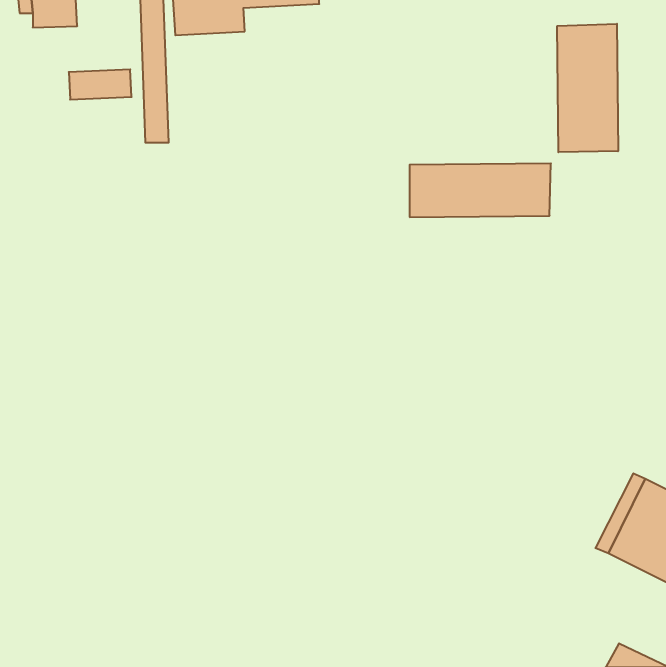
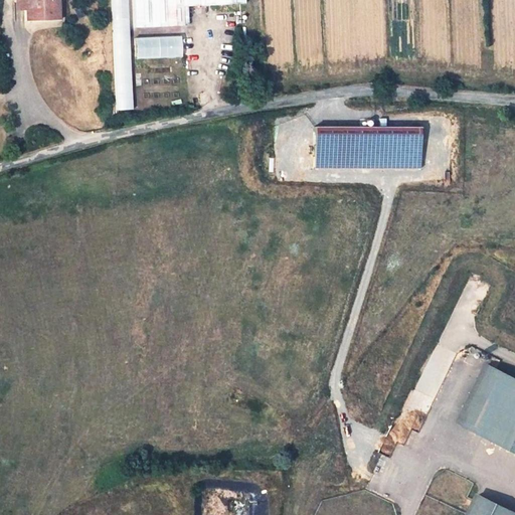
building: [557,24,618,152] -> none
building: [69,69,132,100] -> [134,35,182,58]

